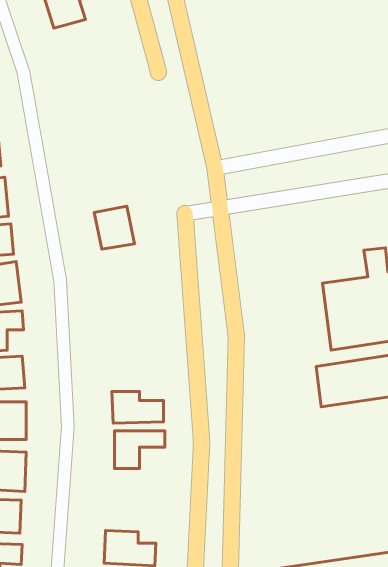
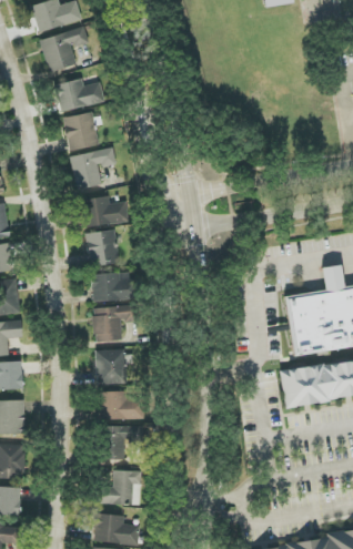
building: none -> [56,79,104,111]
building: none -> [62,111,99,151]
building: none -> [69,146,115,189]
building: none -> [81,196,129,226]
building: none -> [91,272,137,301]
building: none -> [92,305,137,342]
building: none -> [99,349,124,384]
building: none -> [99,470,141,505]

